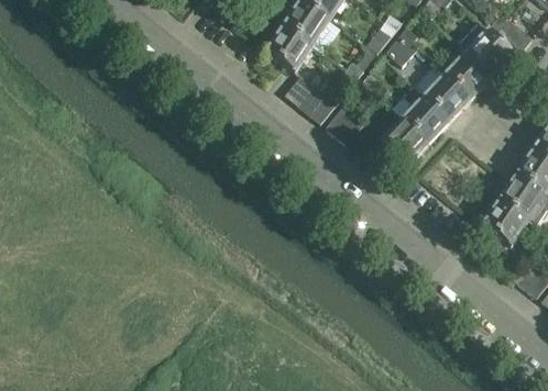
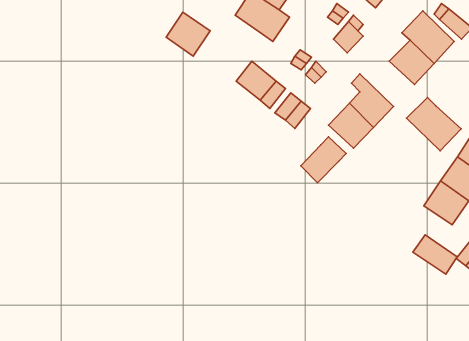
building: [266,24,313,70] -> [166,12,210,56]
building: [415,64,472,120] -> [407,97,461,151]
building: none -> [301,137,346,183]
building: none -> [413,235,457,274]

